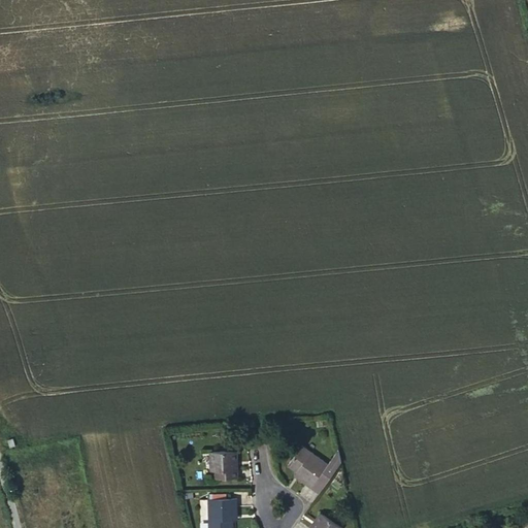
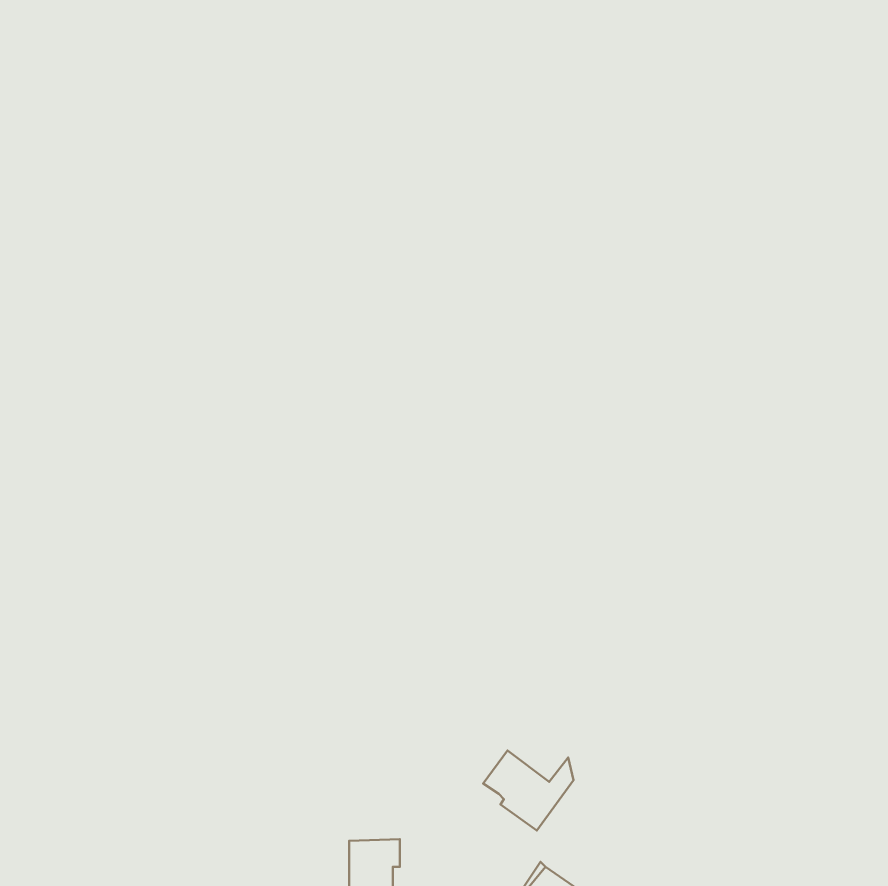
building: [210,452,237,478] -> none

